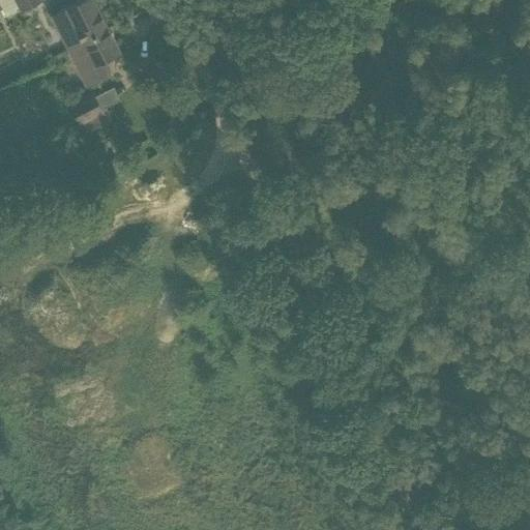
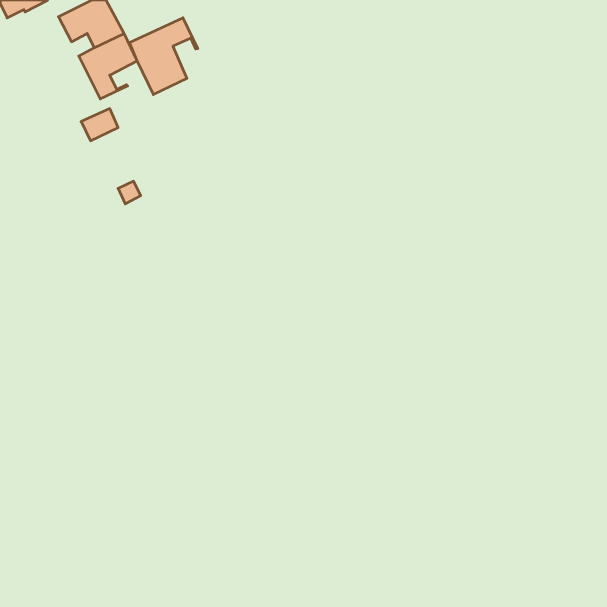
building: none -> [129,18,198,95]

